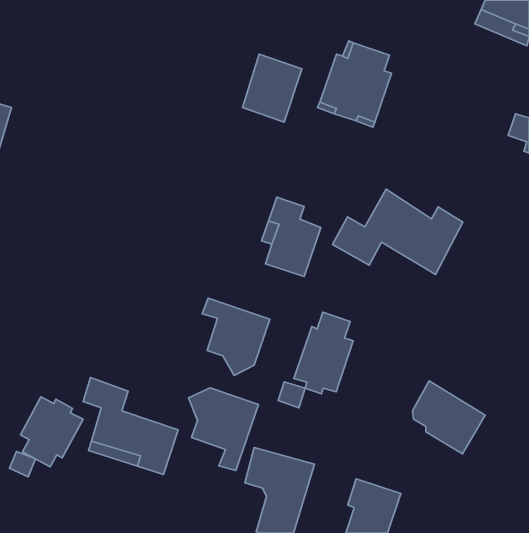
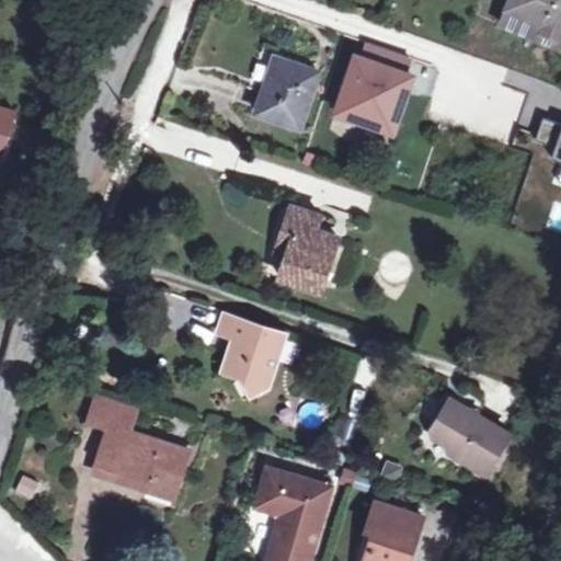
building: [333,189,463,274] -> none
building: [294,312,353,394] -> none
building: [188,388,259,471] -> none
building: [20,397,83,467] -> none

